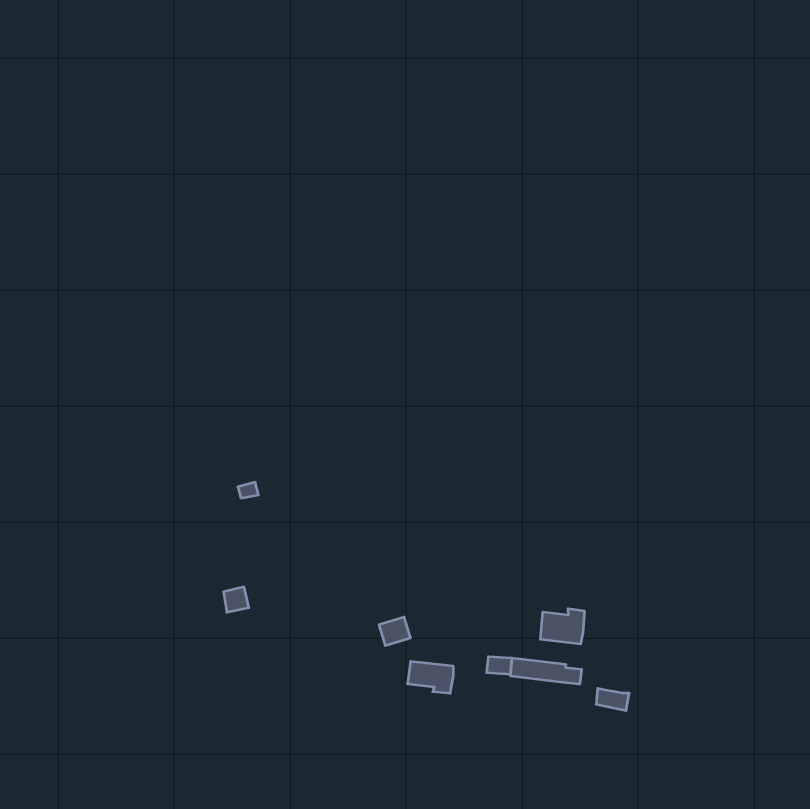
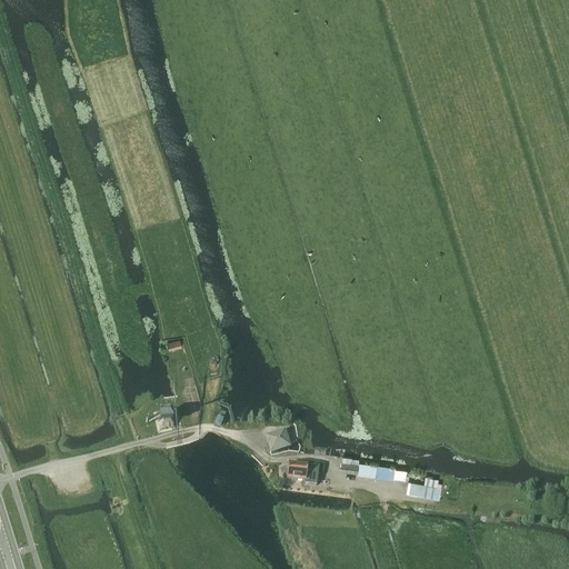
building: [540,609,584,644] -> none

